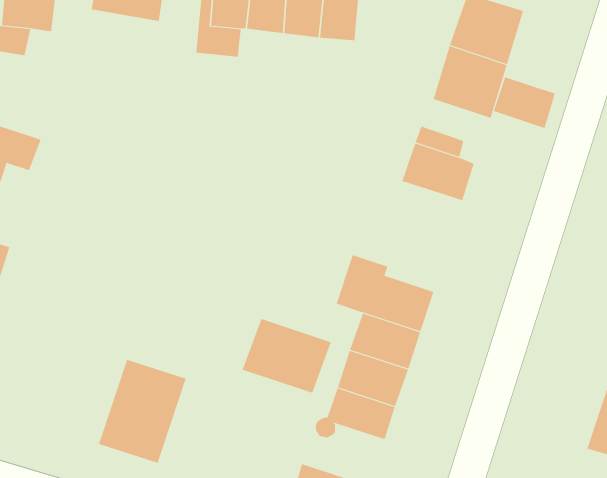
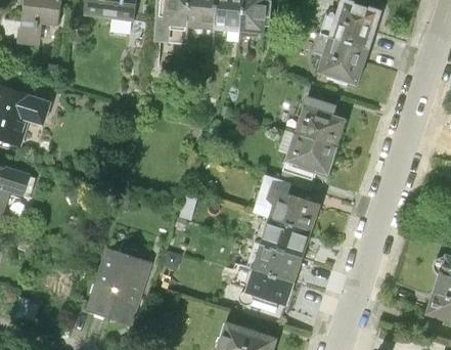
building: [493,77,556,129] -> none
building: none -> [284,130,339,178]
building: [242,318,332,394] -> none

